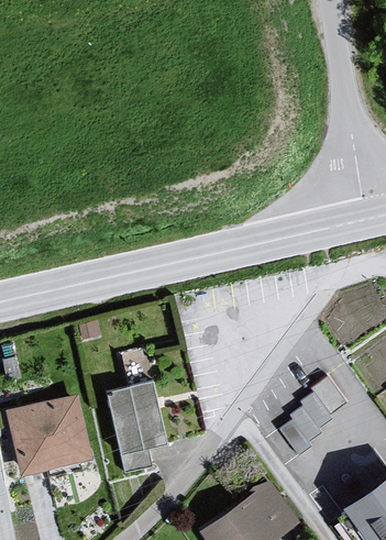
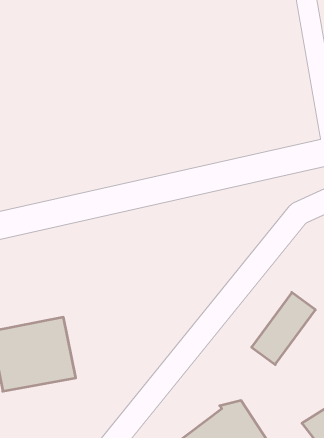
building: [107,384,168,475] -> none

